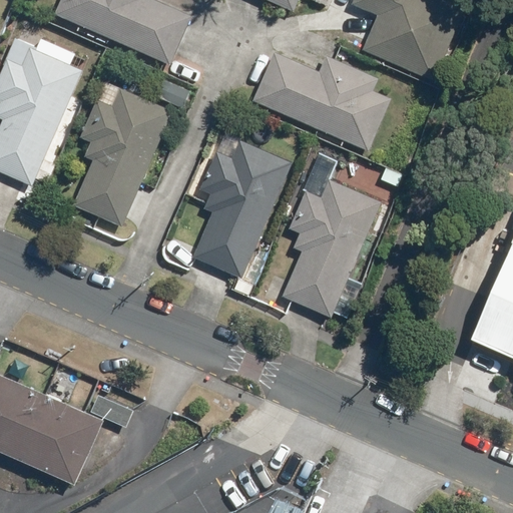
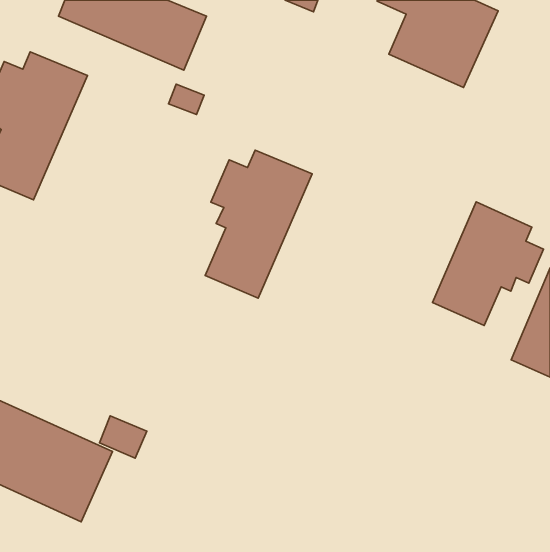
building: [251,51,390,149] -> none
building: [73,87,172,225] -> none
building: [282,178,382,317] -> none
building: none -> [432,202,543,325]

